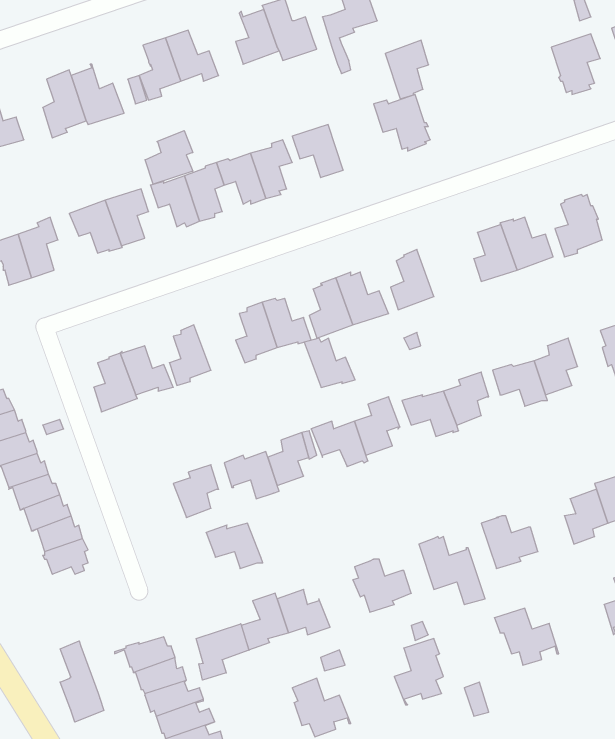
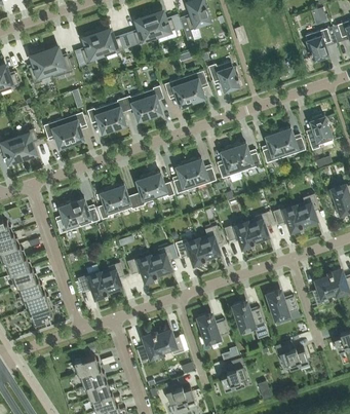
building: [385,40,429,99] -> [184,70,207,102]
building: [145,131,193,184] -> none
building: none -> [232,142,261,171]
building: [304,338,355,387] -> [111,184,139,211]
building: [206,523,263,569] -> [77,272,108,297]
building: [196,624,249,680] -> none
building: [60,641,104,722] -> none

